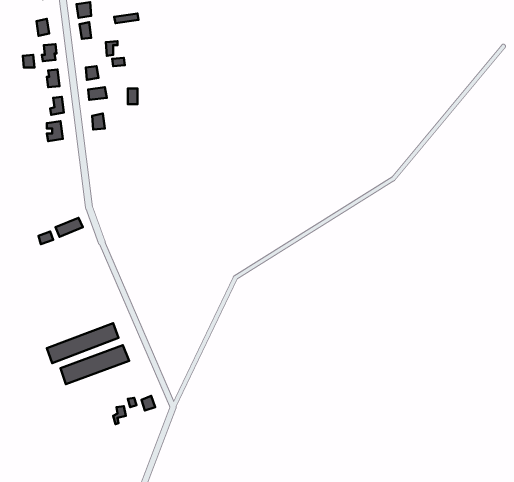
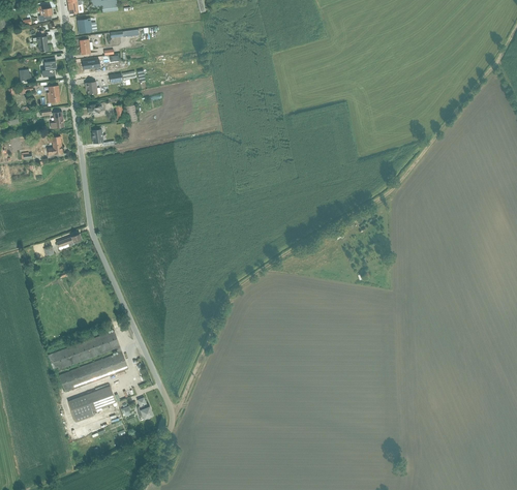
building: none -> [69,388,117,424]

